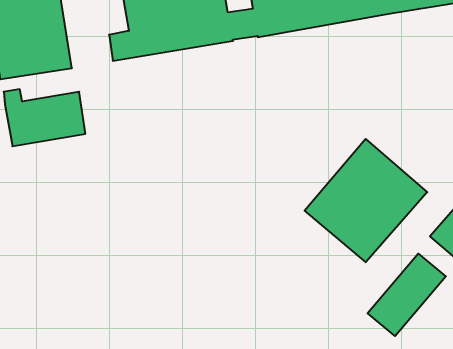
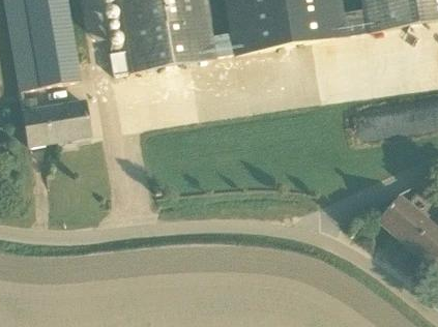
building: [305,139,427,262] -> none
building: [368,254,446,336] -> none

